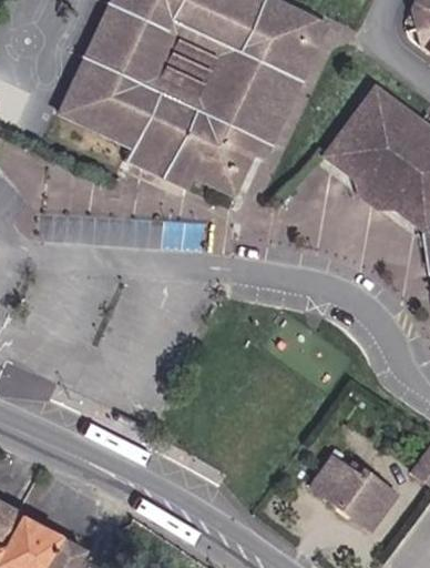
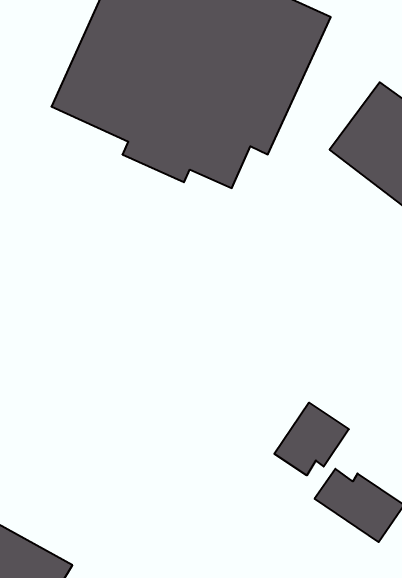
building: none -> [274,403,349,475]

